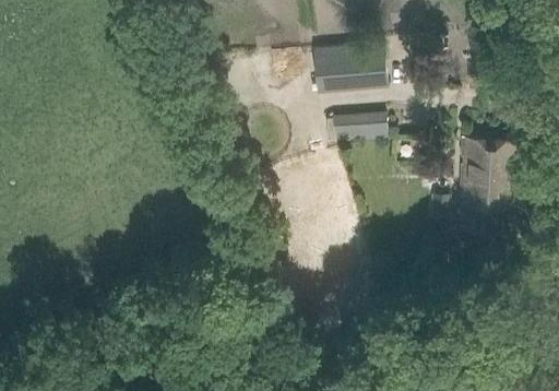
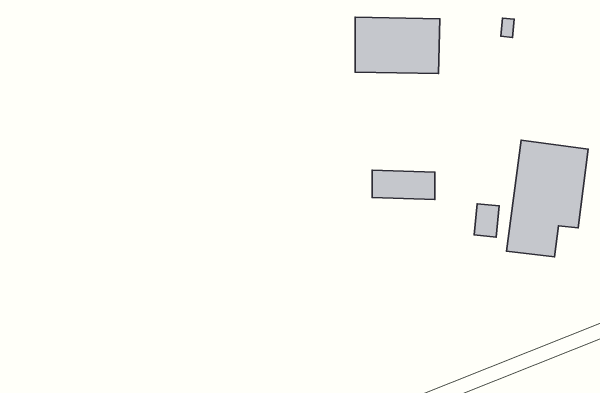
building: [330,112,384,139] -> [372,170,435,199]

